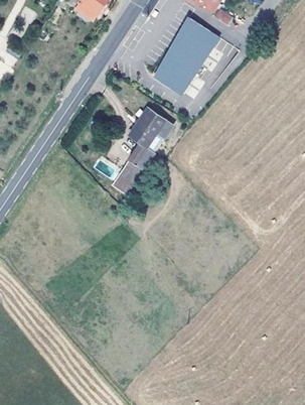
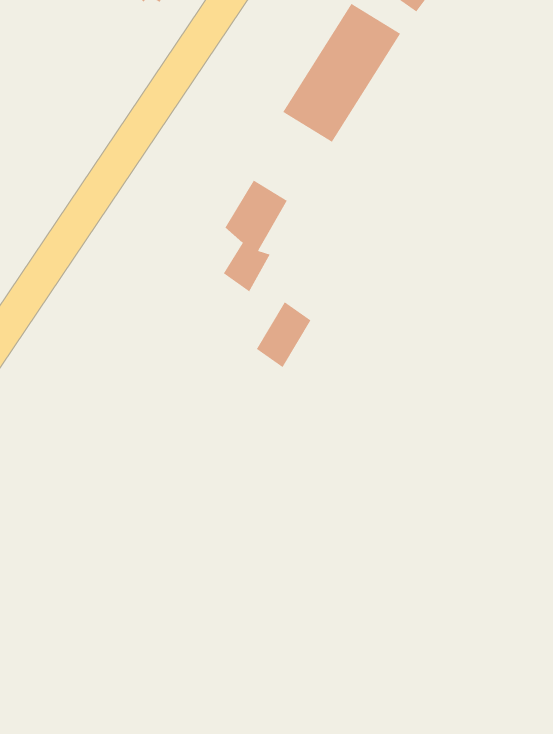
building: [111,161,140,196] -> [256,301,311,368]

